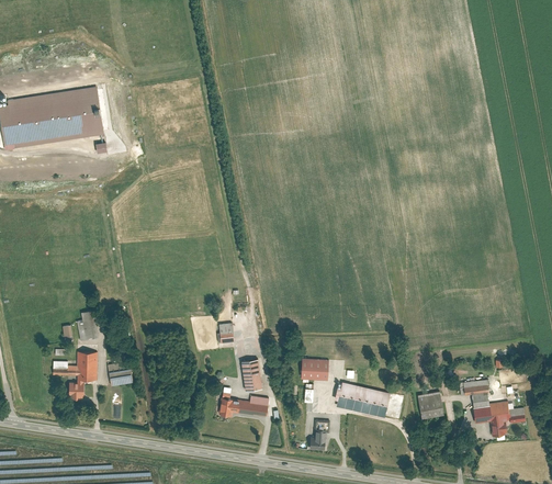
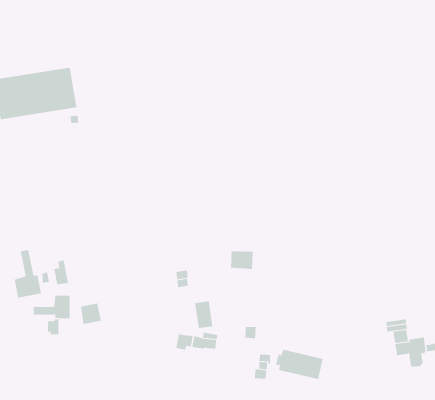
building: none -> [14,249,42,298]
building: [301,359,328,381] -> [230,251,254,270]
building: [334,382,390,417] -> [275,349,323,379]
building: [417,391,443,419] -> none

